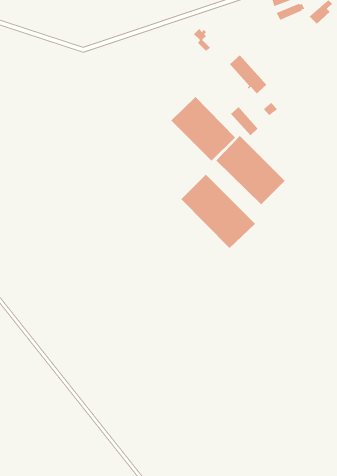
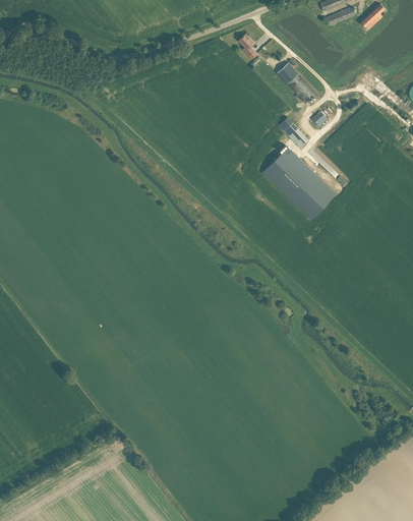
building: [170,96,236,162] -> none
building: [181,174,256,249] -> none

